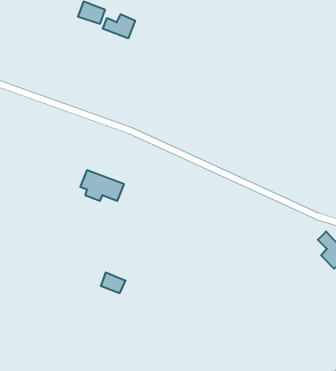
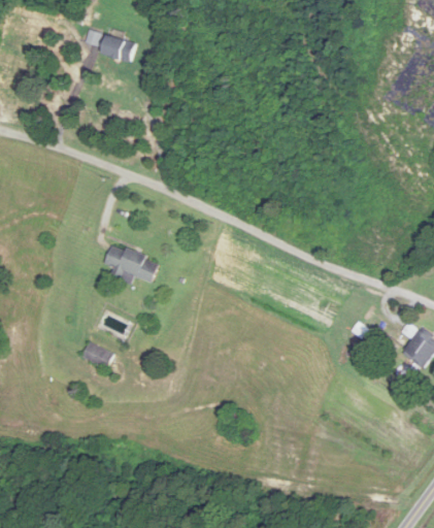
building: [103,14,135,38] -> none
building: [101,272,126,293] -> [81,342,112,368]

